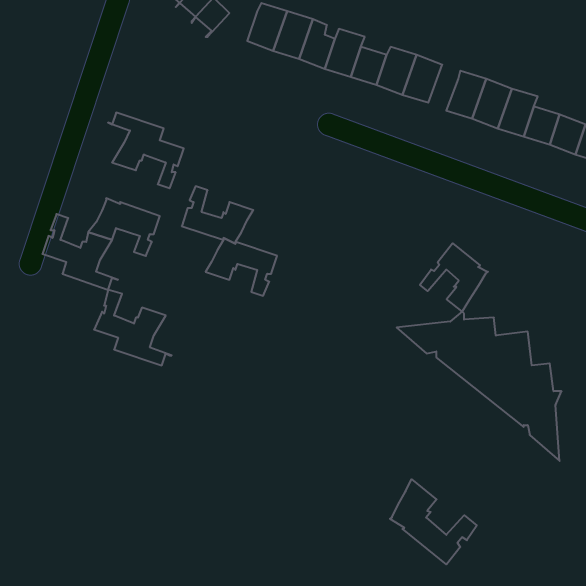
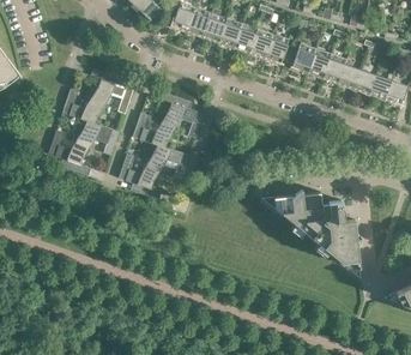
building: none -> [62,89,104,124]
building: none -> [157,92,204,138]
building: [420,243,488,312] -> none
building: [94,290,172,365] -> [117,154,164,199]
building: [390,479,477,564] -> none

